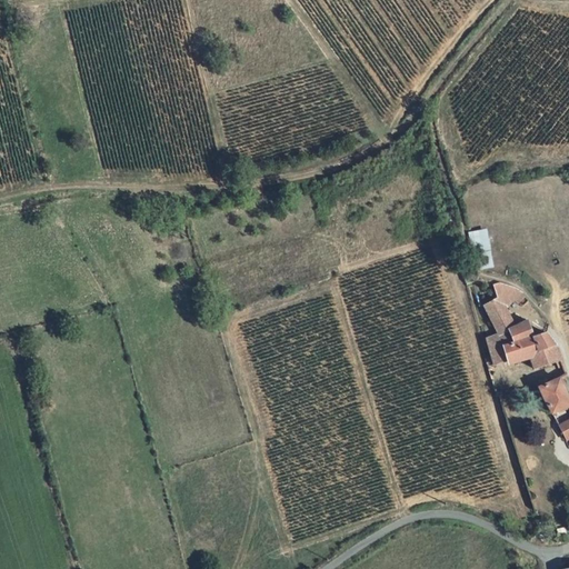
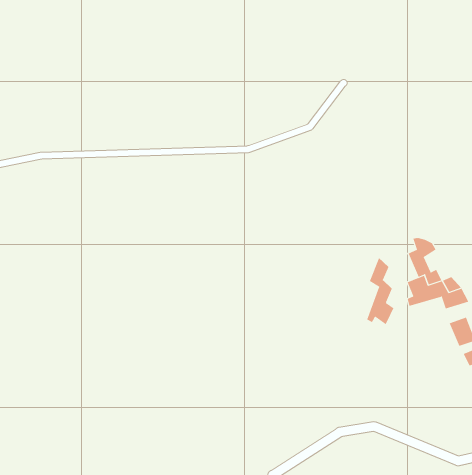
building: none -> [366,257,394,325]

